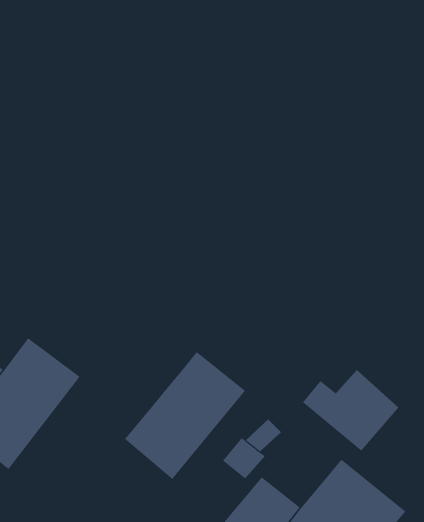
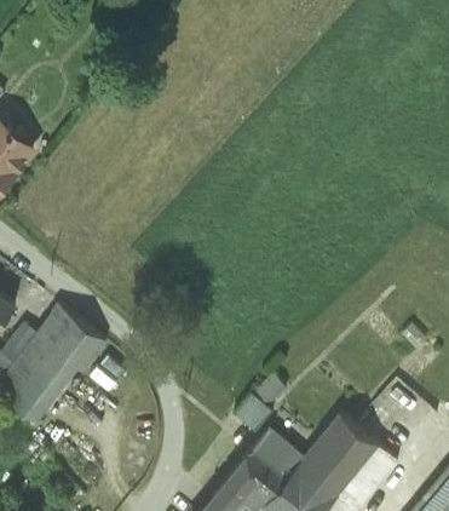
building: [124,351,246,480] -> none
building: [302,369,399,452] -> none

